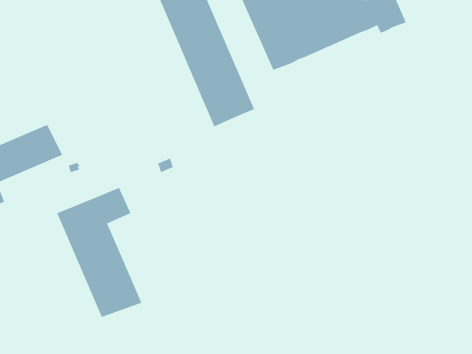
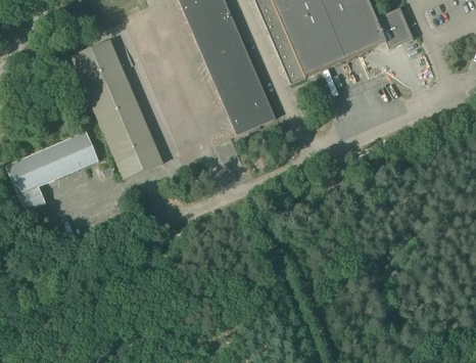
building: none -> [70,39,163,179]
building: [56,187,142,318] -> none

